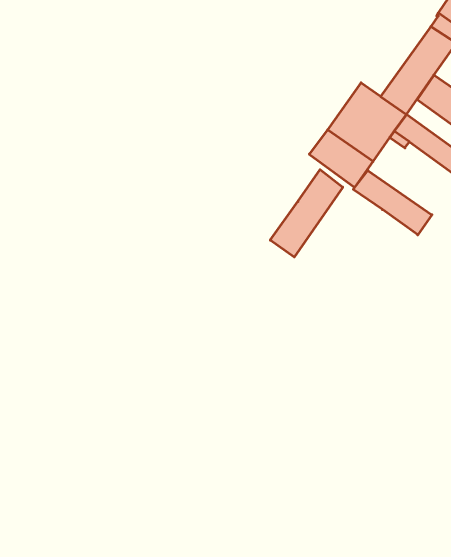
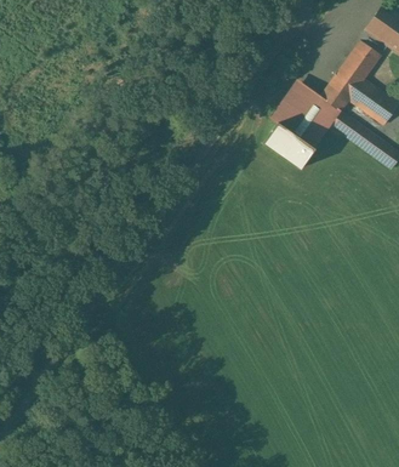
building: [270,170,343,257] -> none
building: [353,170,432,235] -> none

